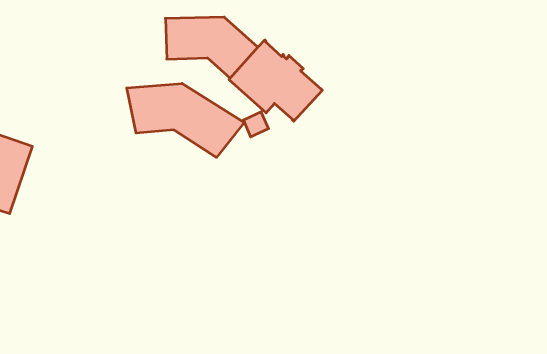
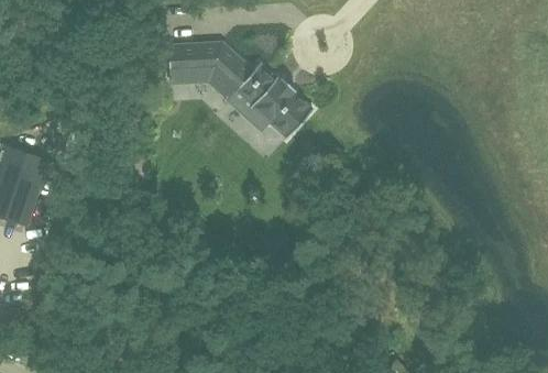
building: [127,83,244,157] -> none

